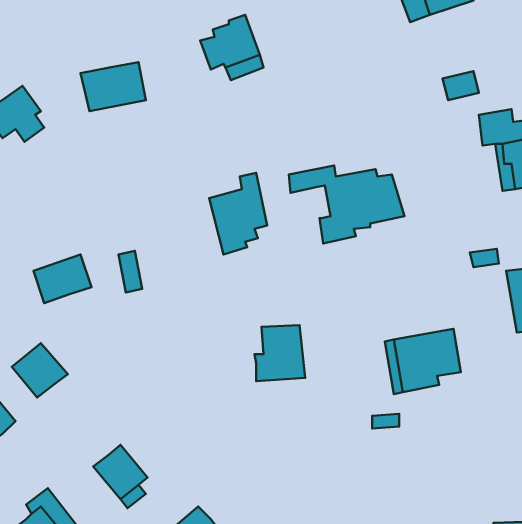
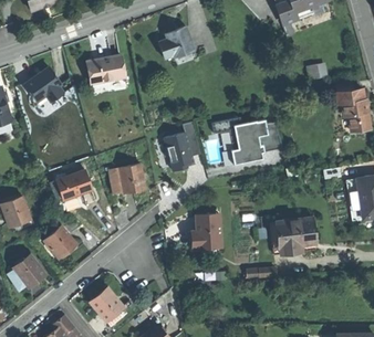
building: none -> [118,165,144,194]

